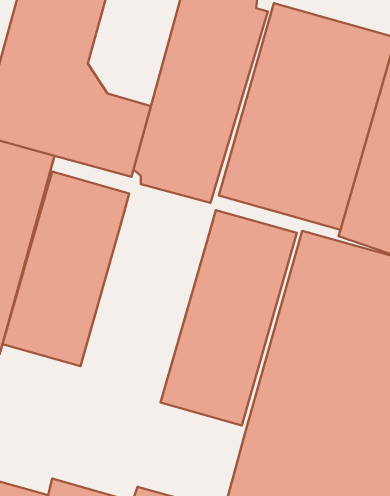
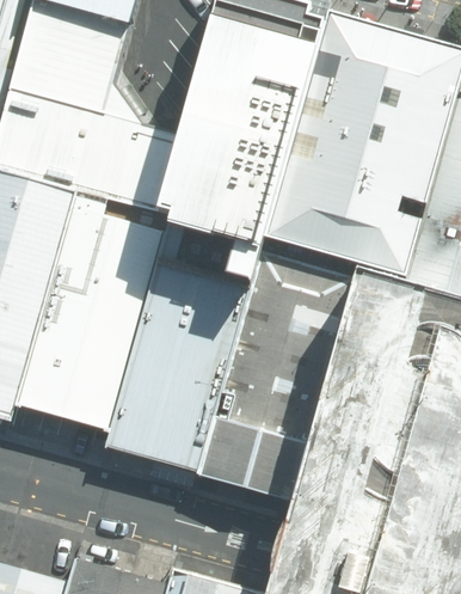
building: none -> [99,255,251,473]

